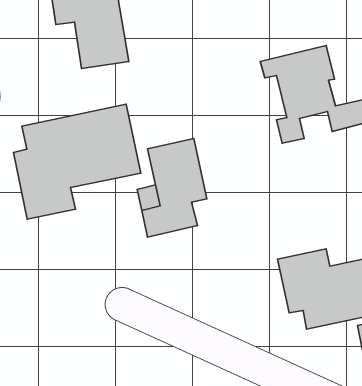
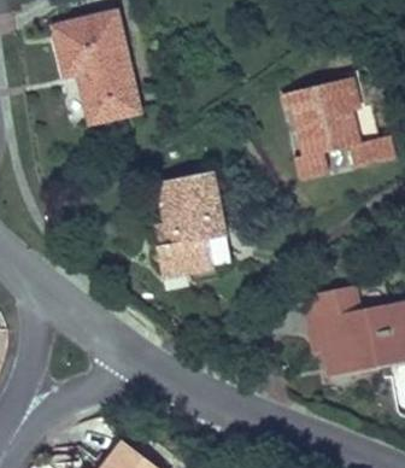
building: [13,104,141,219] -> none

